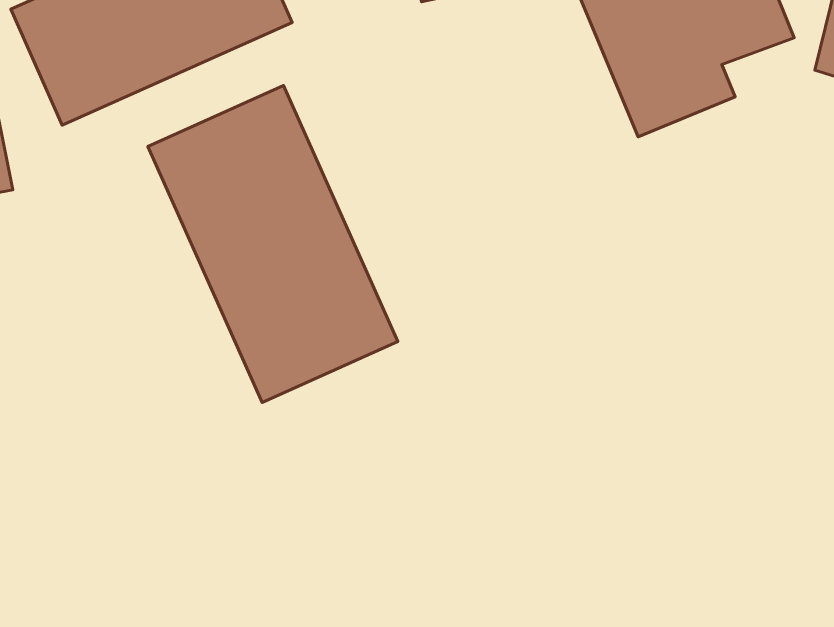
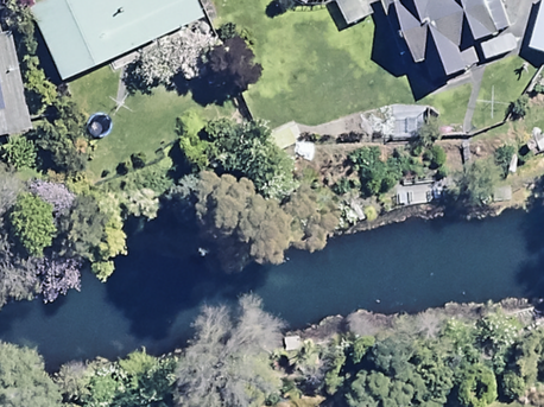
building: [148,85,398,403] -> none

